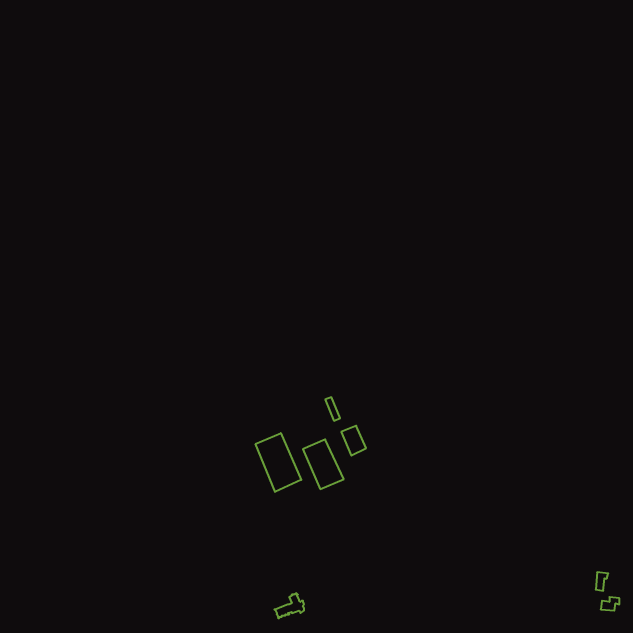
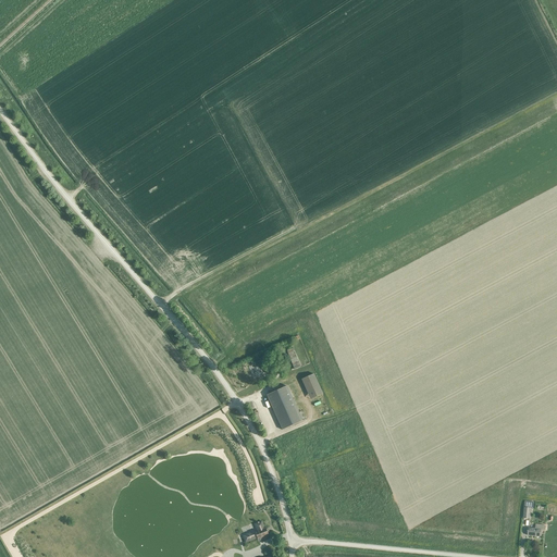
building: [256,433,301,492] -> none

